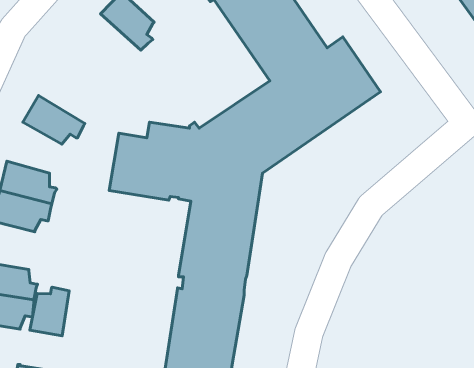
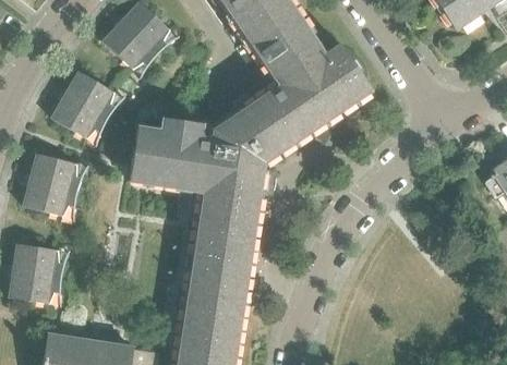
building: none -> [104,21,158,69]
building: none -> [67,71,117,119]
building: [30,287,69,336] -> none

